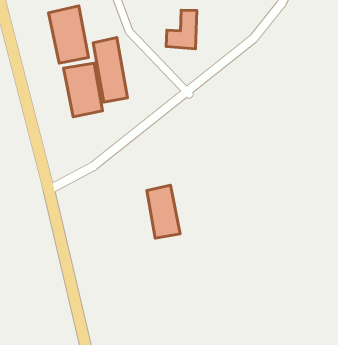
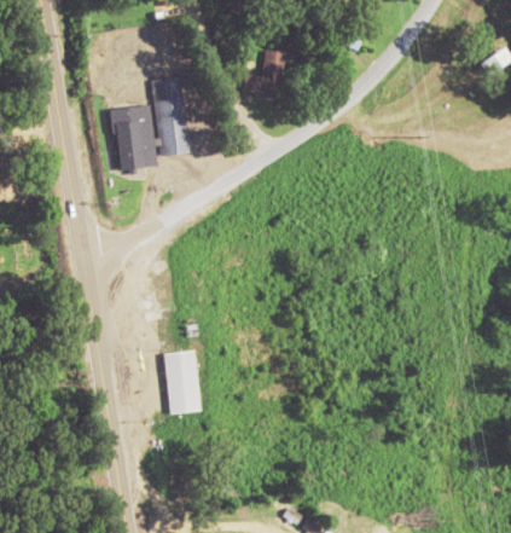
building: [49,6,89,63] -> none
building: [147,185,180,238] -> [164,349,201,413]

